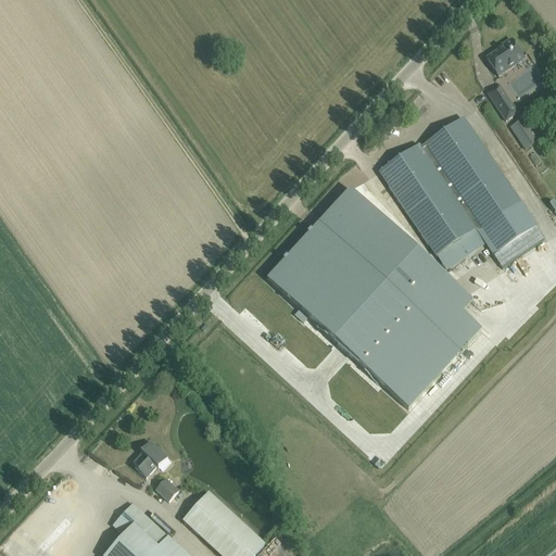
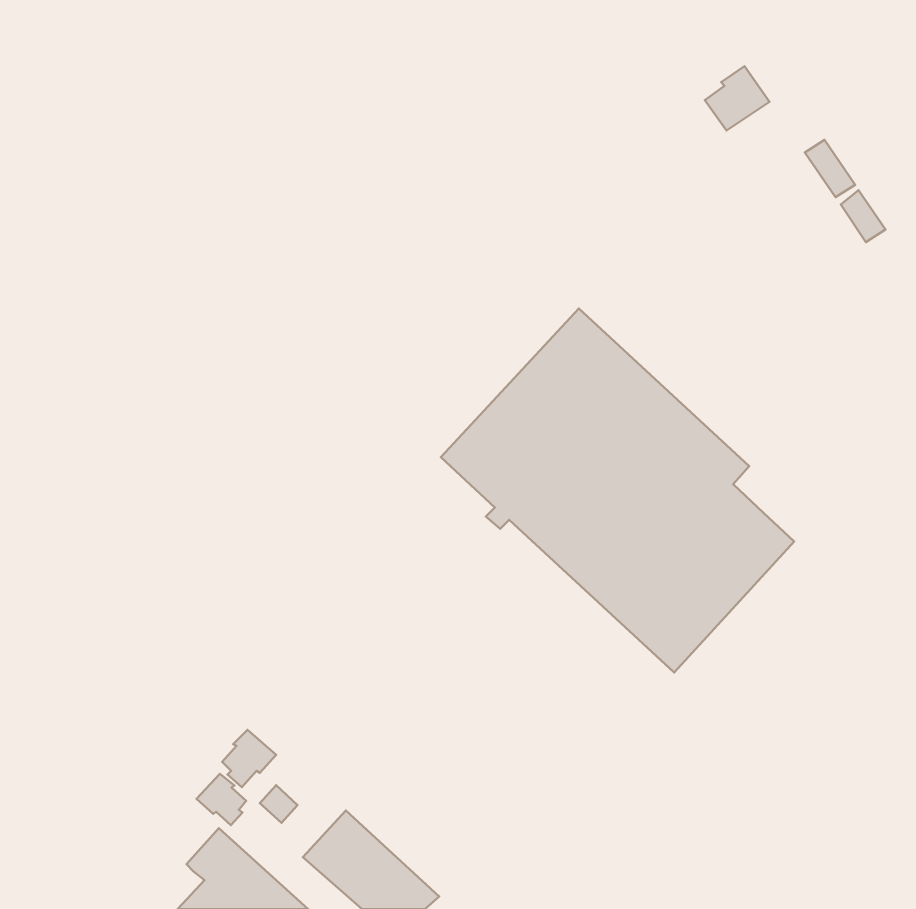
building: [486,36,526,75] -> [705,66,769,131]
building: [380,116,543,268] -> none
building: none -> [197,774,246,825]

